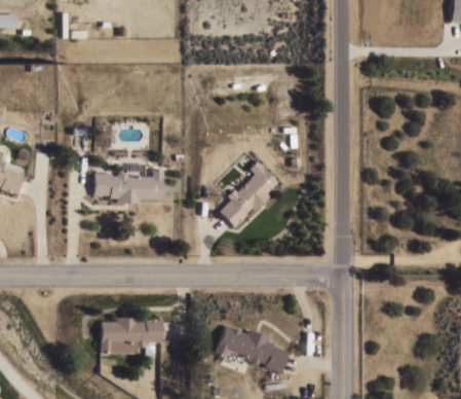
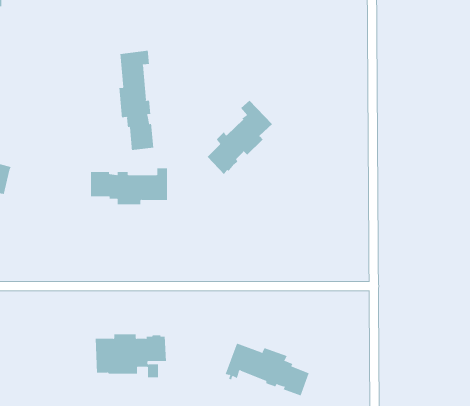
building: none -> [119,50,154,151]
building: [220,160,278,227] -> [207,100,273,175]

